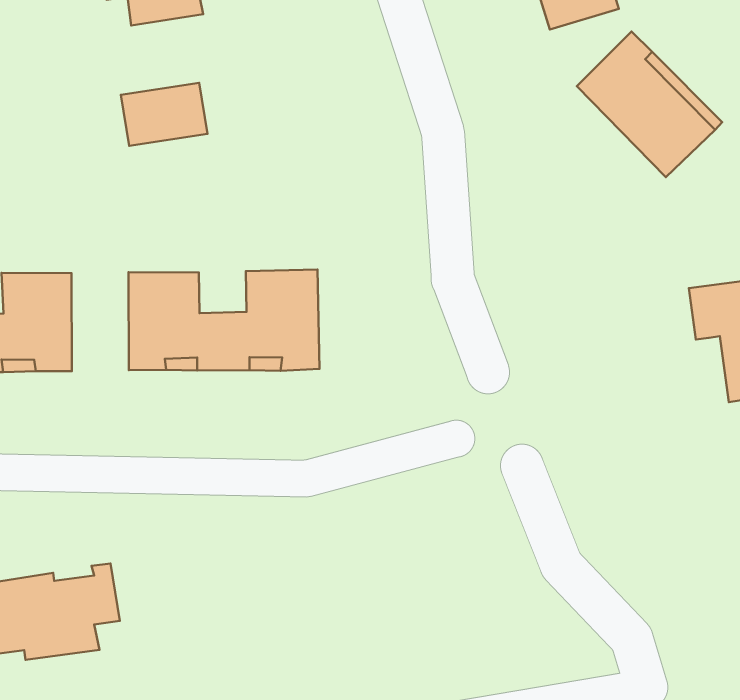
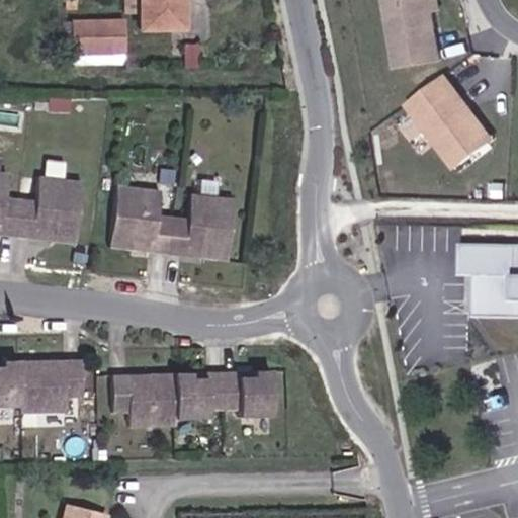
building: [121,83,208,146] -> [72,20,122,54]
building: none -> [110,372,271,428]

